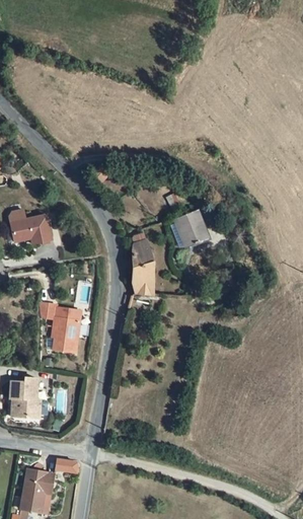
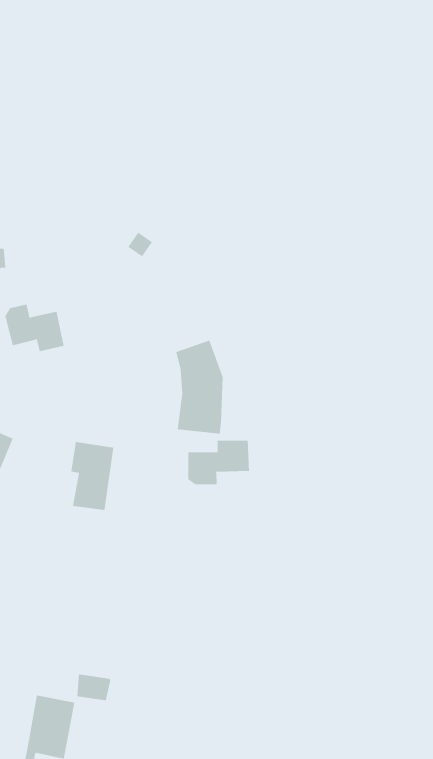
building: [169,205,204,248] -> none
building: none -> [188,440,249,485]
building: [9,375,41,412] -> none

